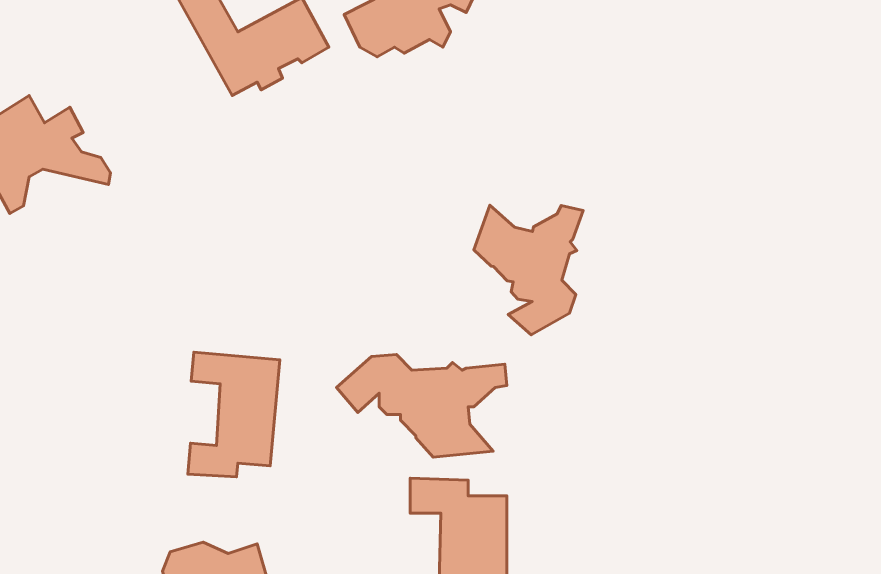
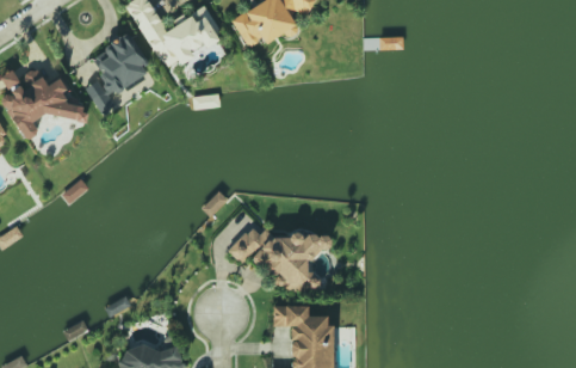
building: none -> [86,32,150,114]
building: [474,205,583,335] -> none
building: [188,352,280,477] -> none

